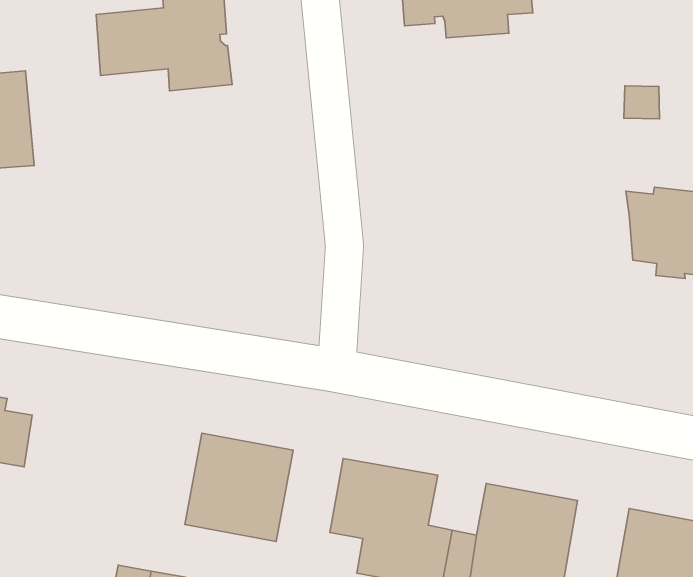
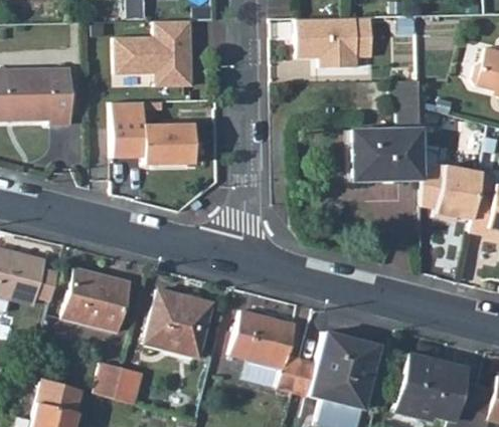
building: none -> [351,80,422,180]
building: none -> [112,101,194,164]
building: none -> [63,268,129,332]

